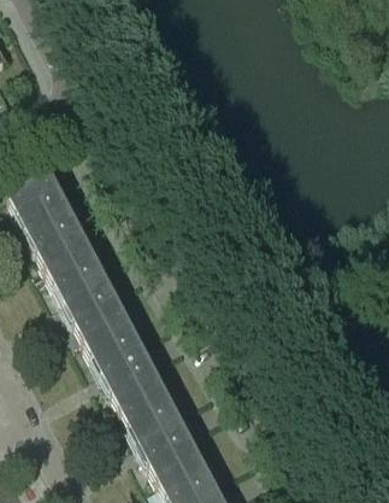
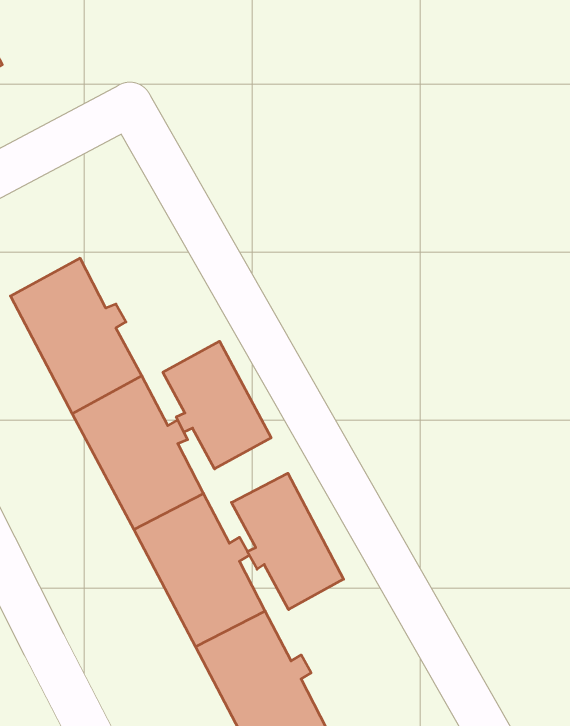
building: none -> [163,341,271,469]
building: none -> [231,473,344,610]

